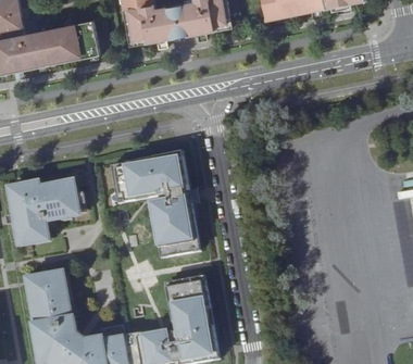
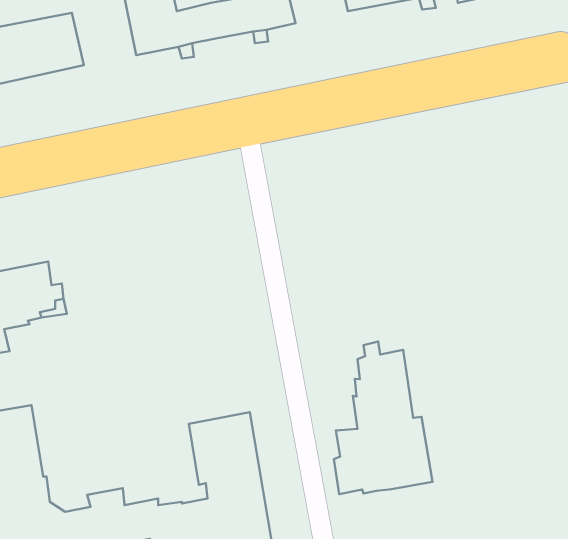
building: [110,151,199,258] -> none
building: none -> [334,342,433,494]

